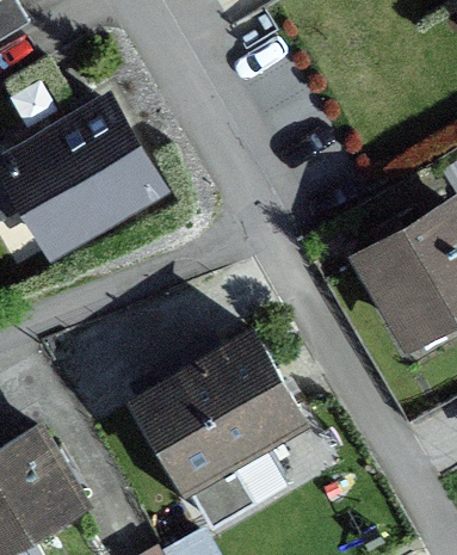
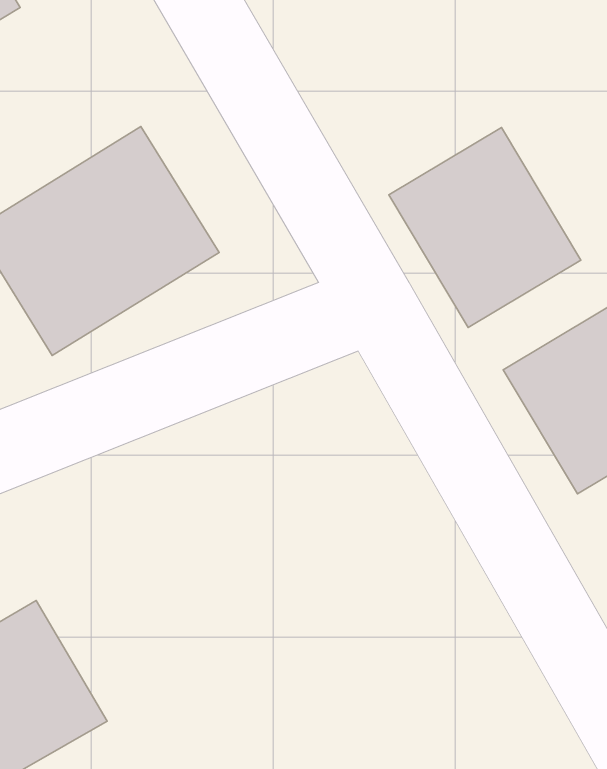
building: none -> [389,127,581,328]
building: [140,325,311,502] -> none

